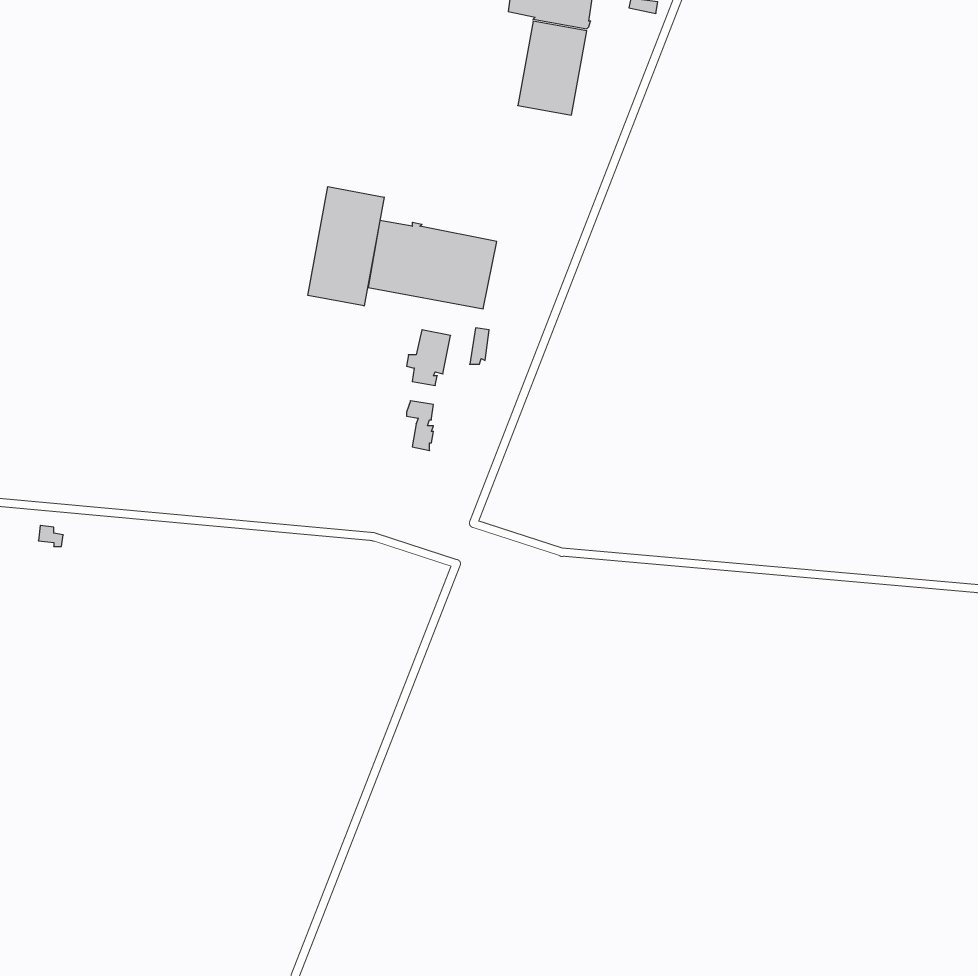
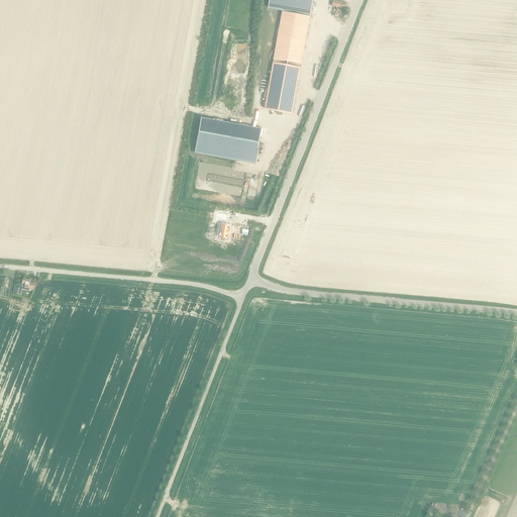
building: none -> [264,59,300,111]
building: [308,187,384,306] -> none

